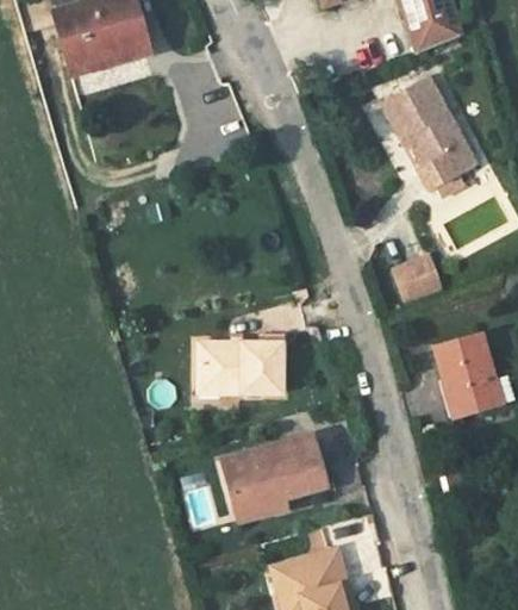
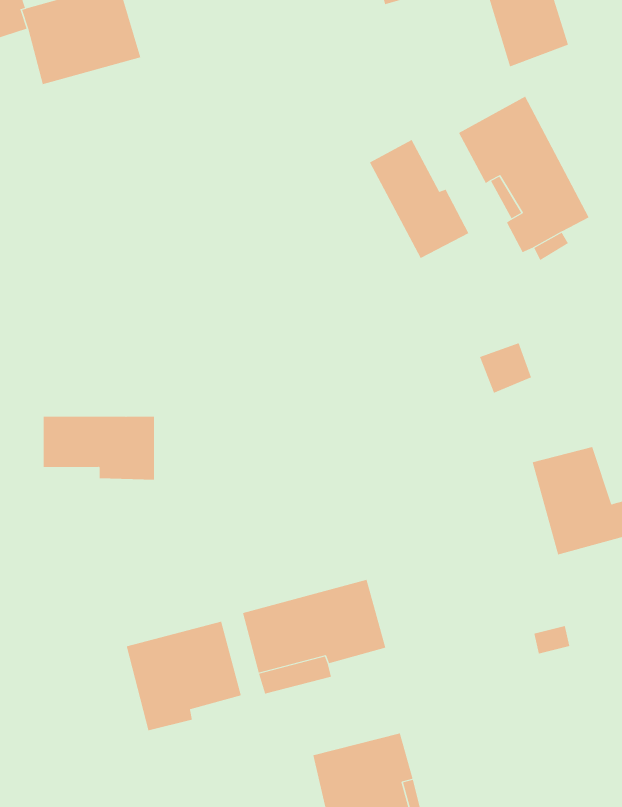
building: none -> [369,139,469,259]
building: [198,347,281,394] -> [43,416,155,480]
building: none -> [126,621,242,731]

